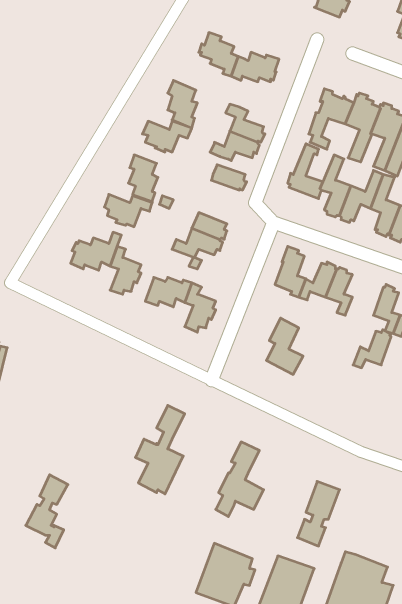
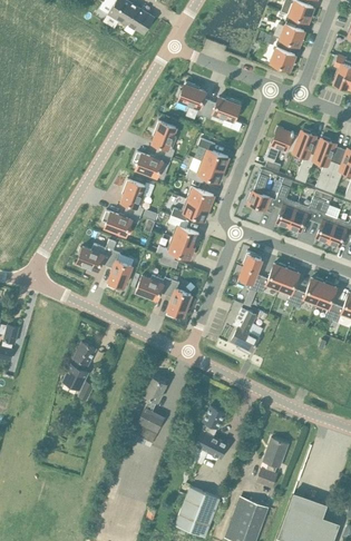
building: none -> [172,199,211,220]
building: [353,330,391,368] -> [293,278,323,308]
building: [26,475,68,548] -> [62,342,96,400]

